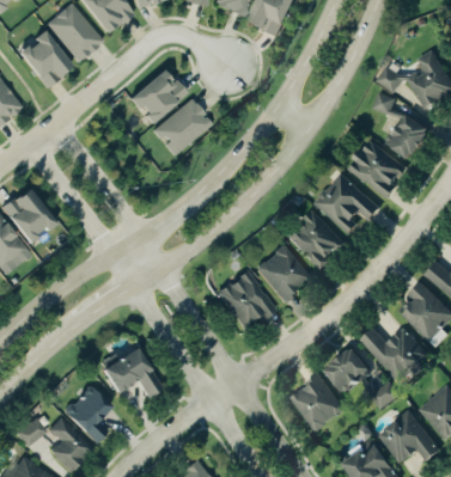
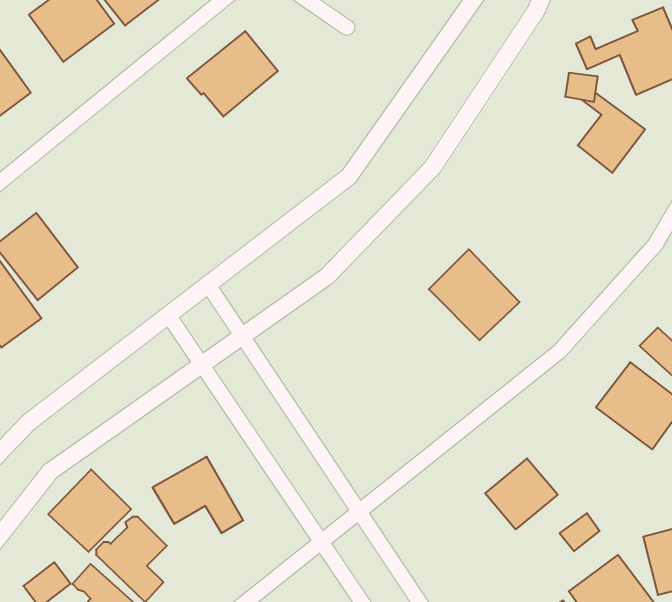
building: [153,98,212,155] -> none
building: [346,140,407,198] -> none
building: [313,173,378,234] -> none
building: [255,246,309,301] -> none
building: [215,270,273,330] -> none
building: [360,329,426,381] -> none
building: none -> [48,469,131,552]
building: [288,375,343,433] -> none

